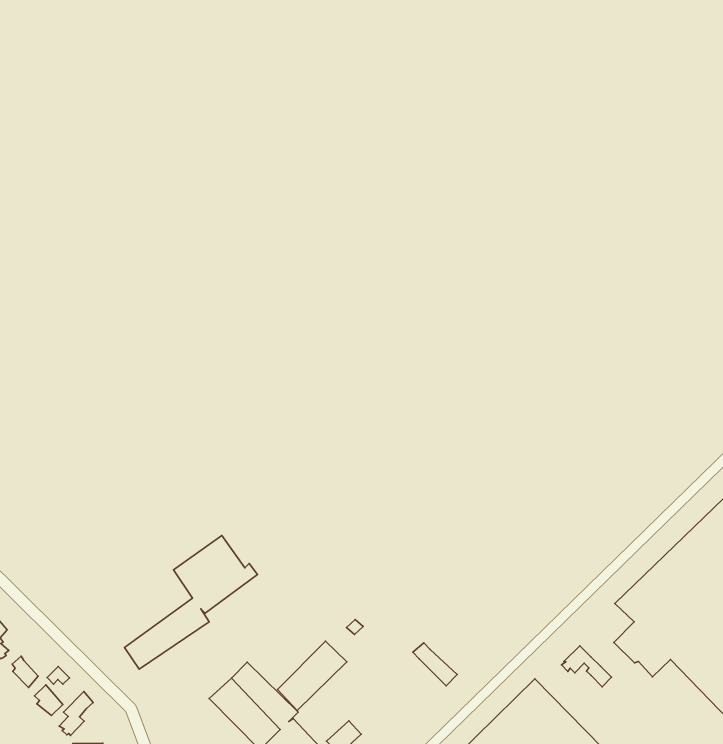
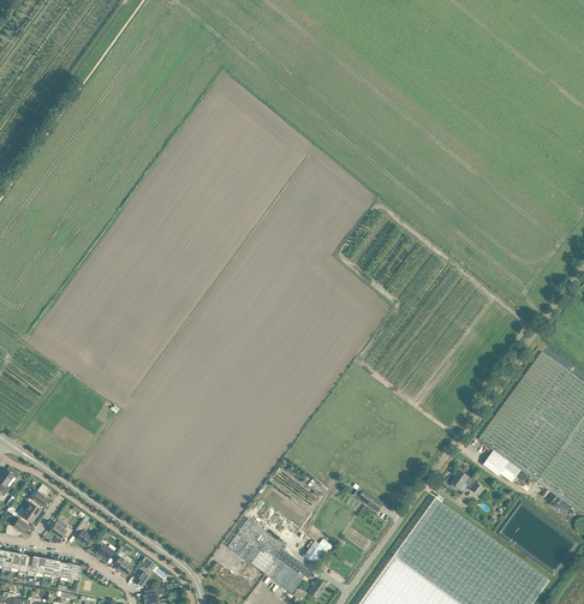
building: [125,536,258,669] -> none
building: [278,641,347,710] -> none

